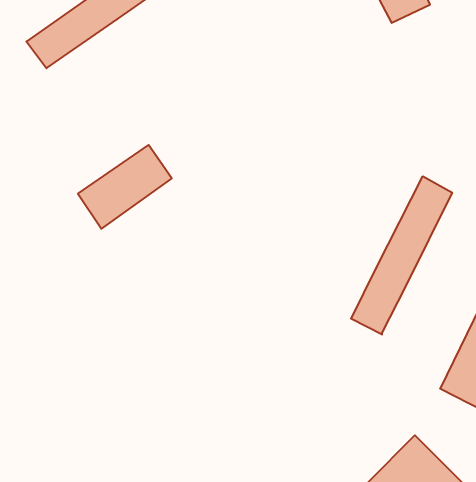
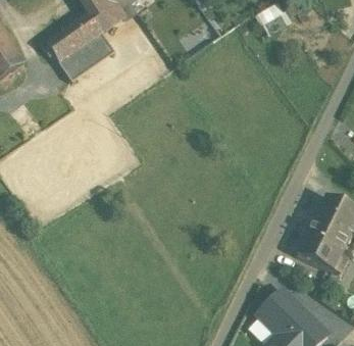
building: [78,145,172,229] -> [57,31,114,82]
building: [351,176,452,335] -> none

